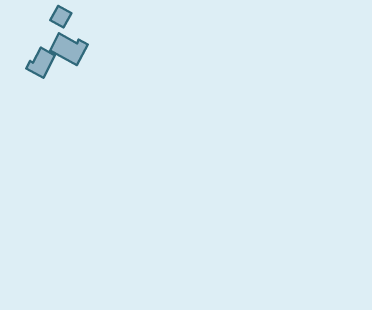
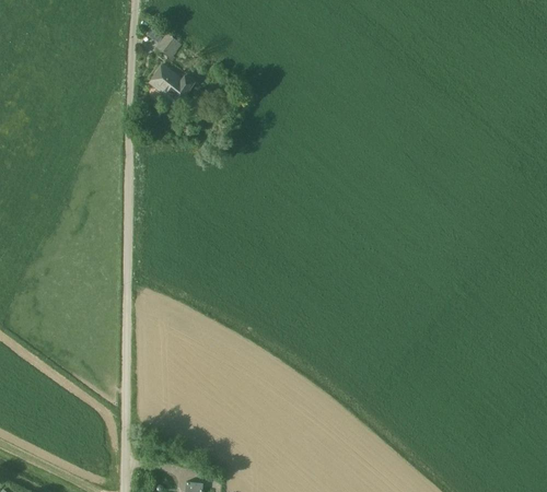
building: [26,47,55,78] -> none

